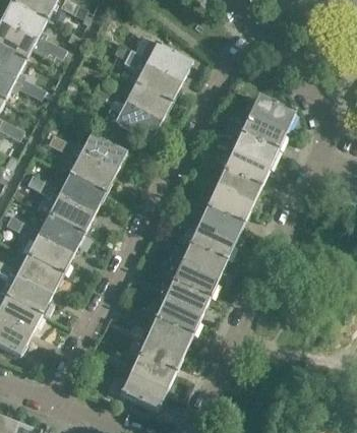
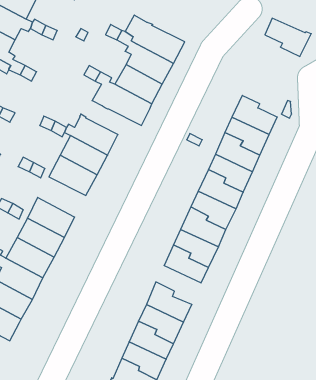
building: [249,97,295,134] -> [265,18,311,56]
building: [47,193,95,233] -> none
building: [164,281,209,319] -> none

